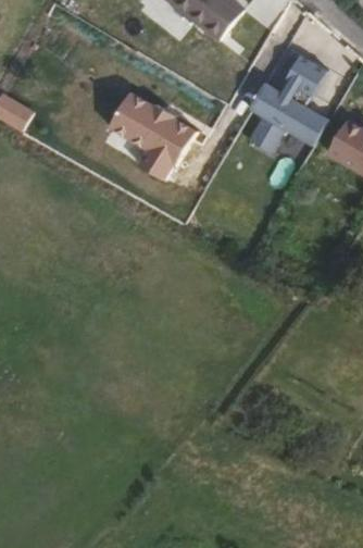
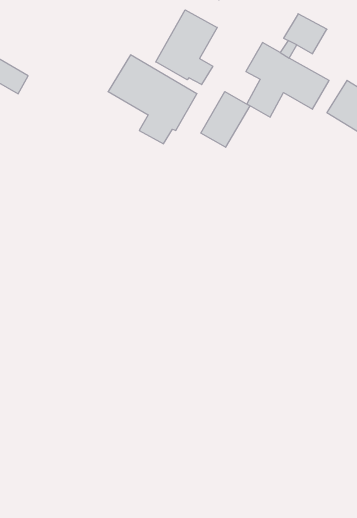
building: none -> [156,10,217,85]
building: none -> [201,92,250,147]

